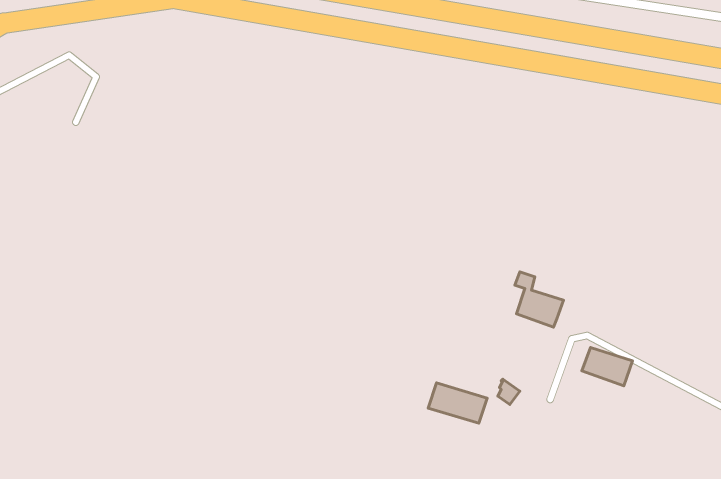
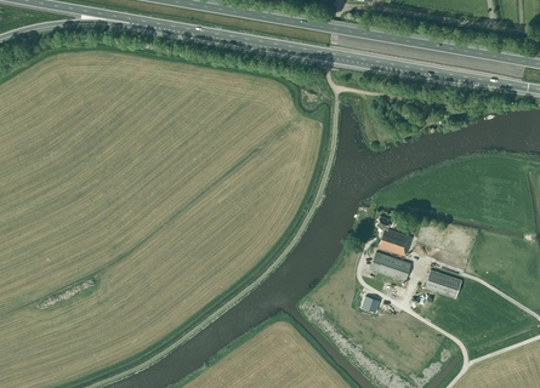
building: [428,383,487,423] -> [369,252,411,281]

